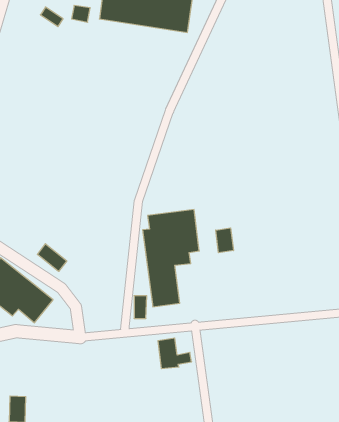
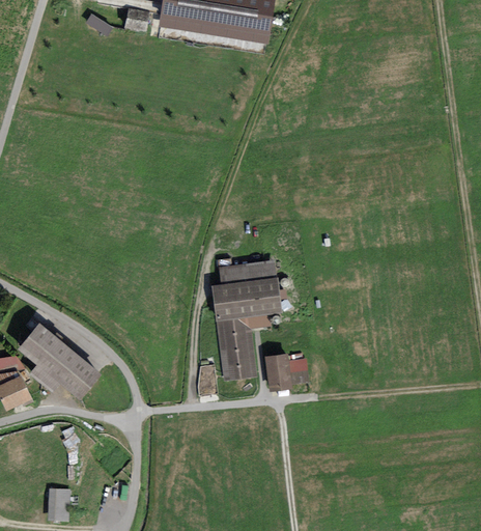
building: [216,228,233,253] -> none
building: [37,244,67,271] -> none
building: [158,338,192,369] -> [265,353,307,390]

